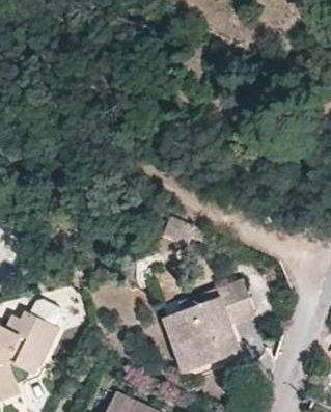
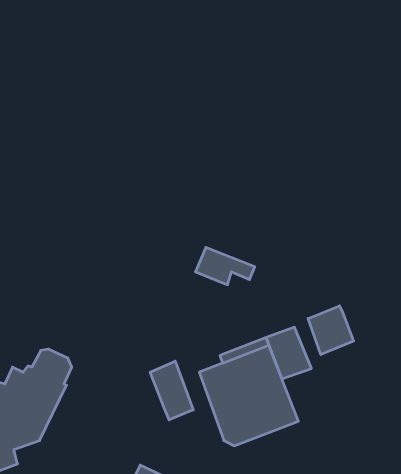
building: none -> [308,306,354,355]
building: none -> [150,361,193,420]

